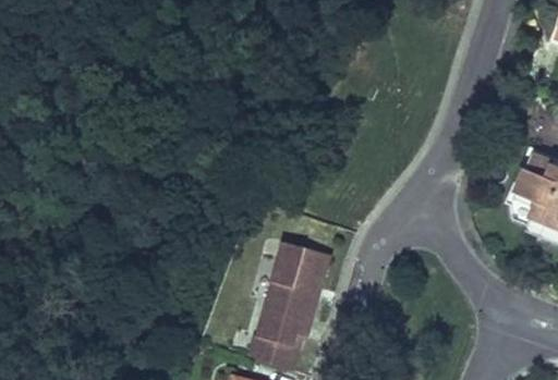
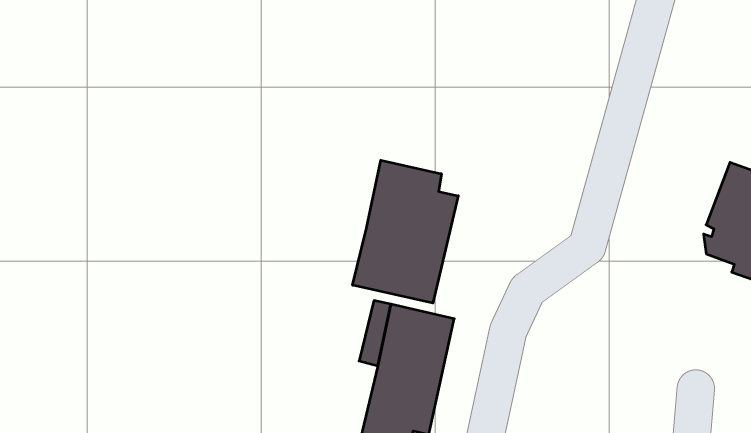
building: none -> [353,160,458,303]

